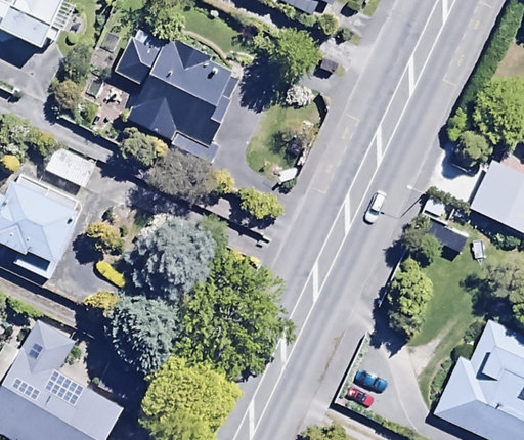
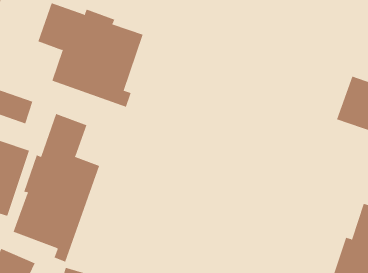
building: none -> [13,113,100,263]

